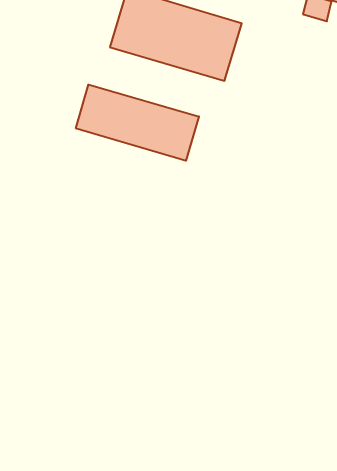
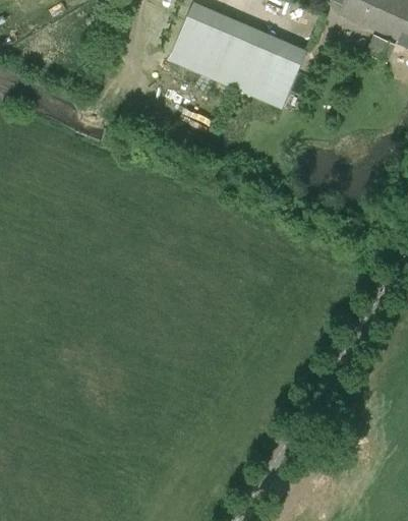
building: [76,85,199,161] -> none

